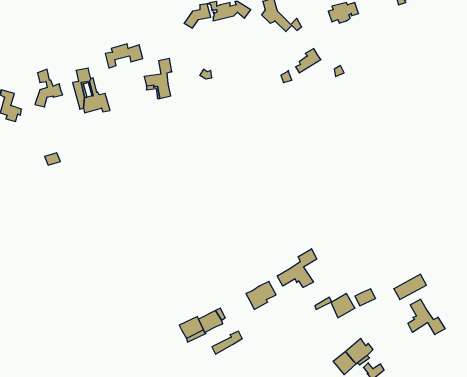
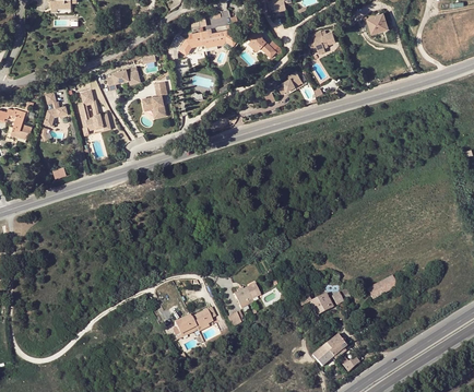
building: [277,249,317,287] -> none
building: [408,299,445,335] -> none

